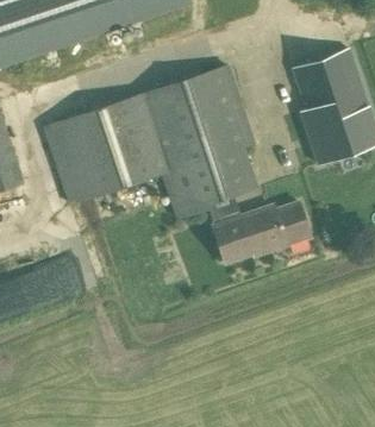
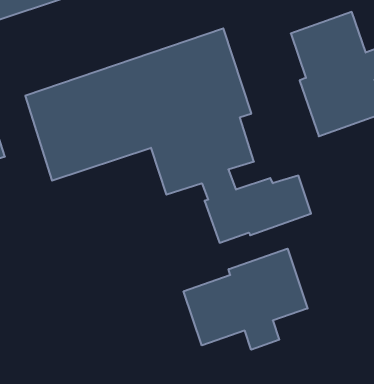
building: none -> [184,249,308,350]

